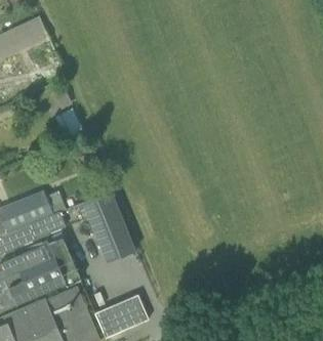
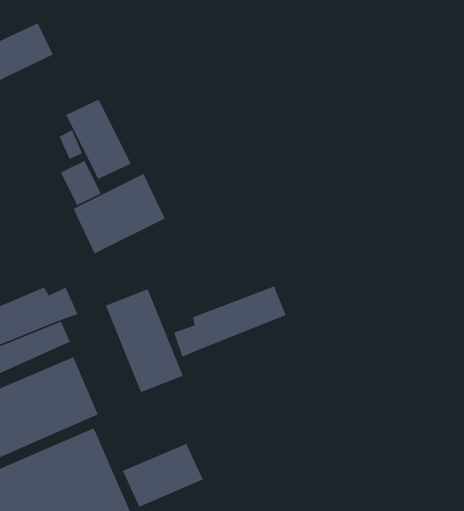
building: none -> [65,99,132,180]
building: none -> [72,173,166,255]
building: none -> [173,285,287,358]

